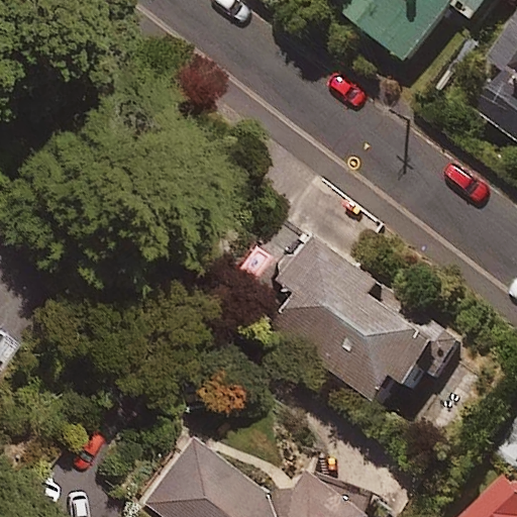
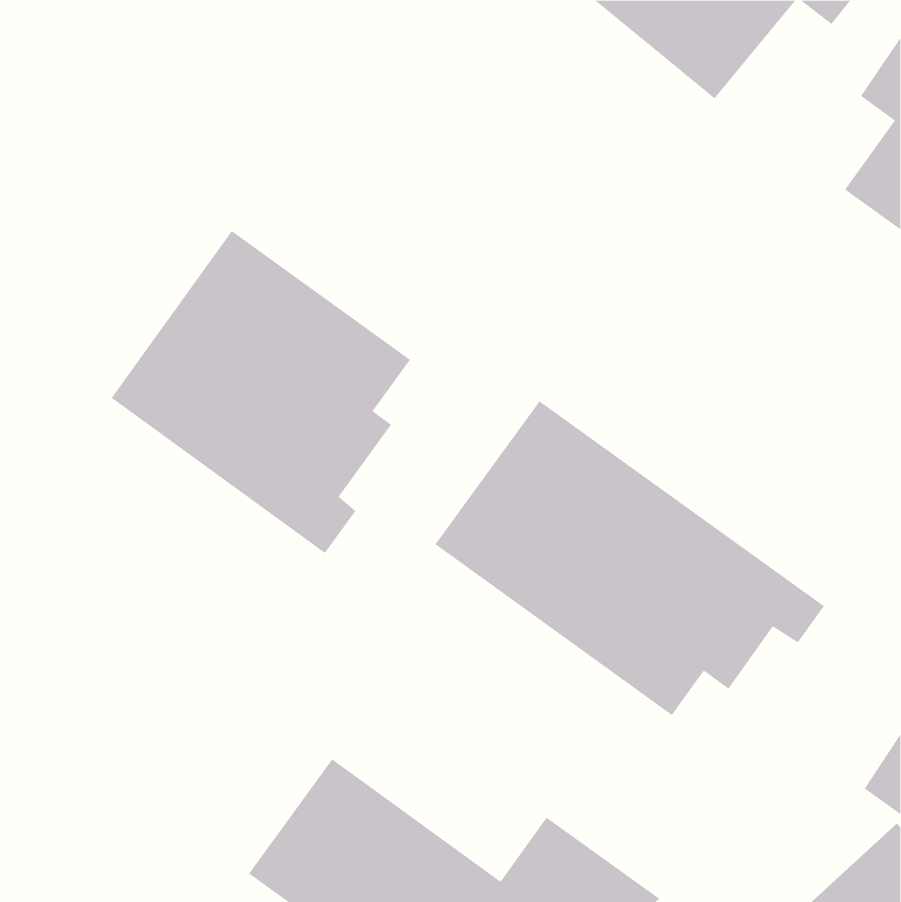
building: none -> [111,230,411,554]

